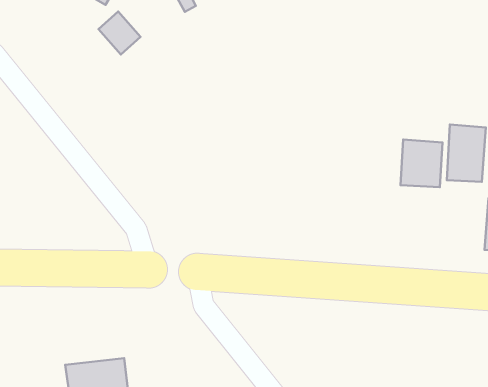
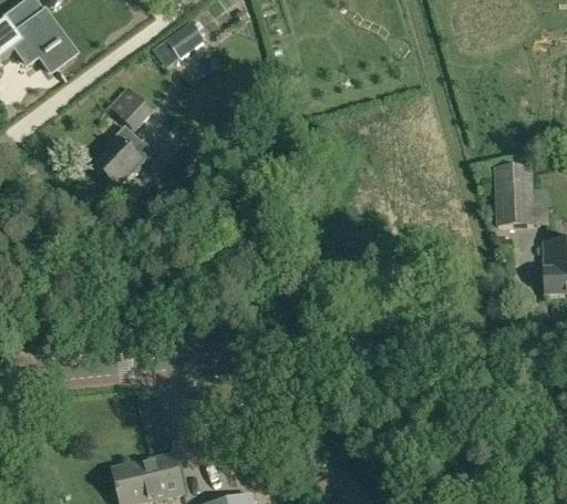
building: none -> [94,127,154,185]
building: [401,140,443,187] -> none

